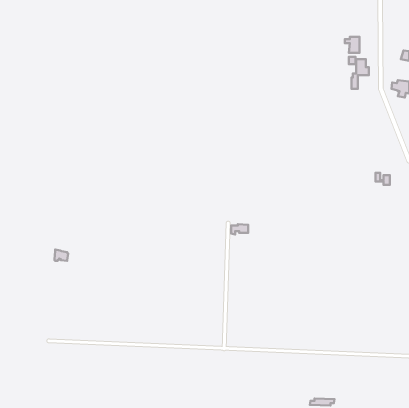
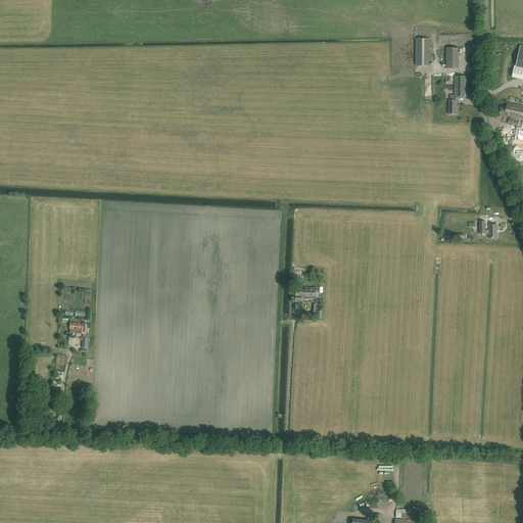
building: none -> [416,38,430,64]

